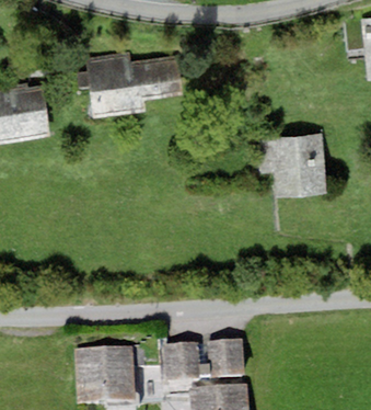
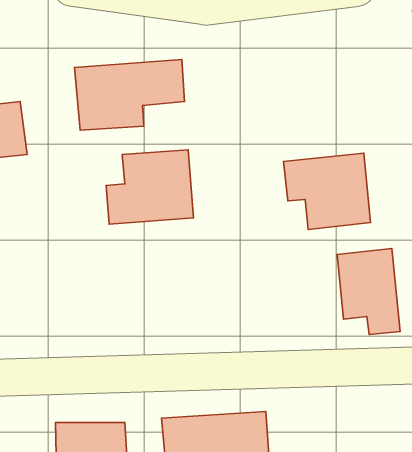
building: none -> [106,150,194,224]
building: none -> [337,249,400,335]

